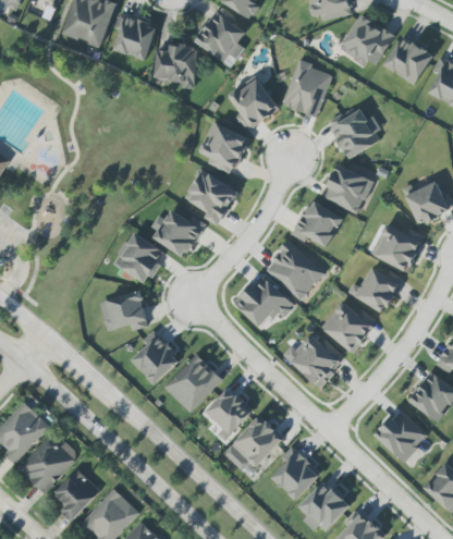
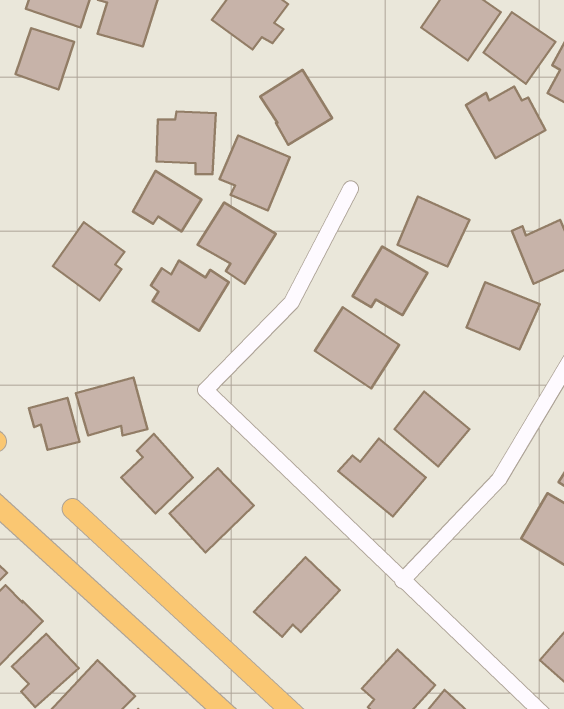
building: [156,45,197,88] -> [156,112,216,174]
building: none -> [15,28,74,90]
building: [281,61,333,118] -> none
building: [328,109,383,159] -> [466,86,545,158]
building: none -> [133,171,201,232]
building: [113,231,163,285] -> [53,222,125,300]
building: [348,267,402,314] -> none
building: [234,273,294,329] -> none
building: none -> [29,398,80,450]
building: [205,388,253,441] -> none
building: [376,409,428,462] -> none
building: [271,445,321,501] -> none

